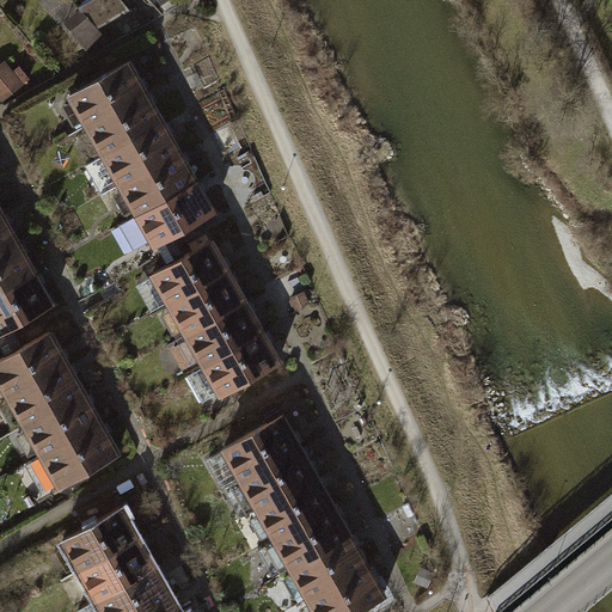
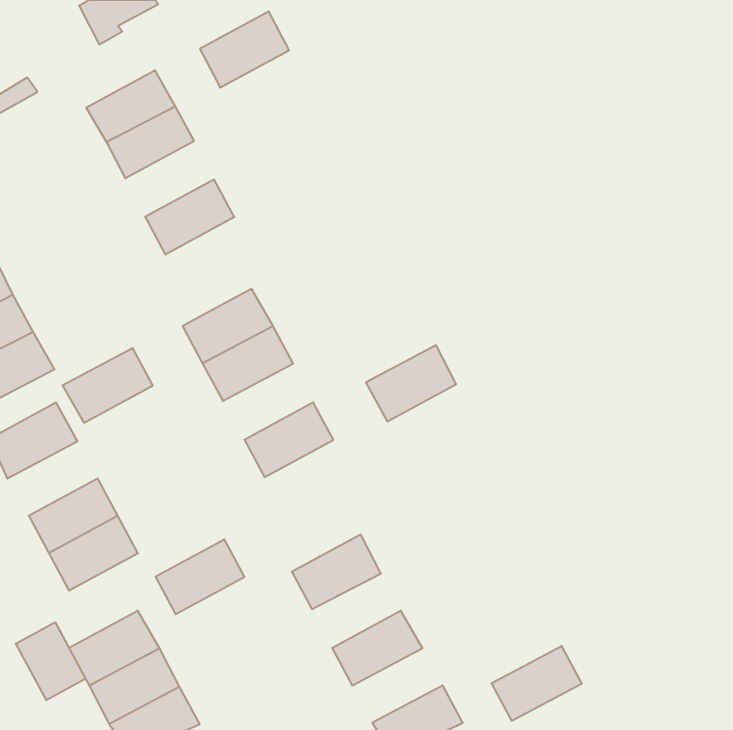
building: [104,121,178,184] -> [200,11,289,88]
building: [137,184,213,246] -> none
building: [185,306,261,369] -> [366,345,456,421]
building: [6,371,81,433] -> [62,348,153,423]
building: [226,417,300,479] -> [155,539,245,614]
building: [259,481,333,543] -> none
building: none -> [16,622,86,700]
building: [293,543,368,605] -> [491,646,582,721]

